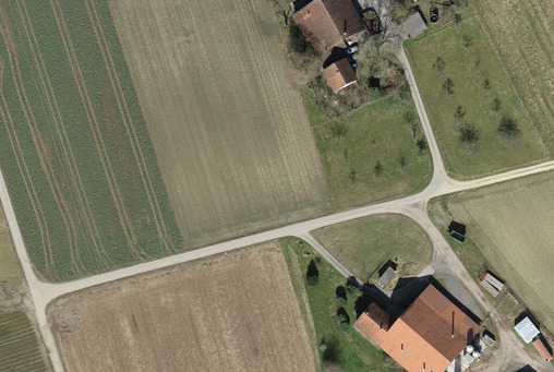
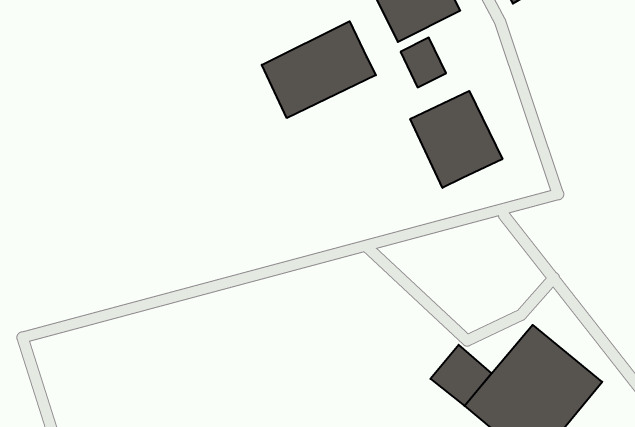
building: none -> [262,21,376,118]
building: none -> [410,91,502,188]

